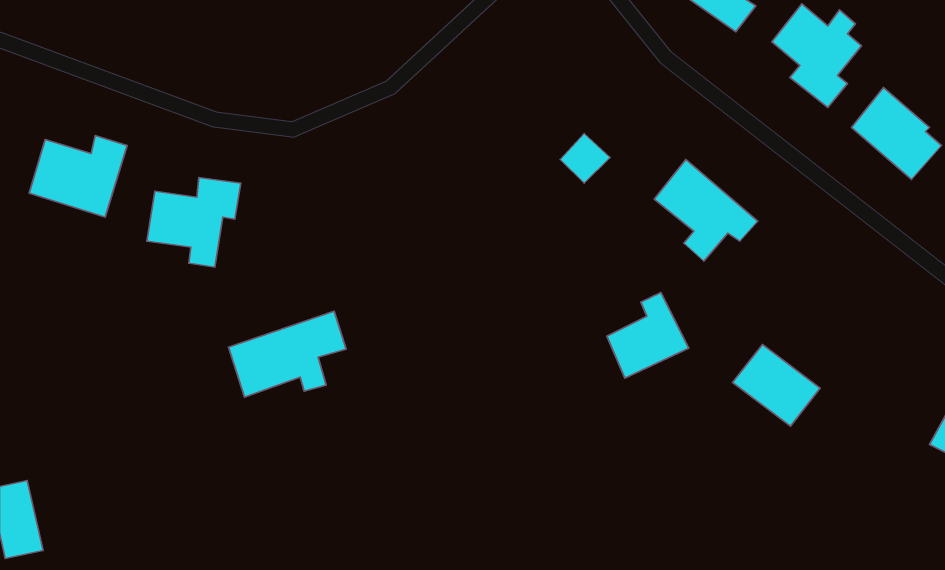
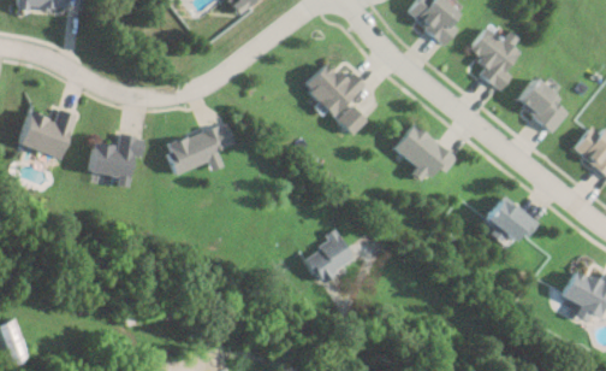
building: none -> [304,61,367,116]
building: [607,292,689,378] -> [307,228,356,279]
building: [228,311,346,397] -> [167,122,238,173]
building: [732,344,820,426] -> [486,194,539,243]

